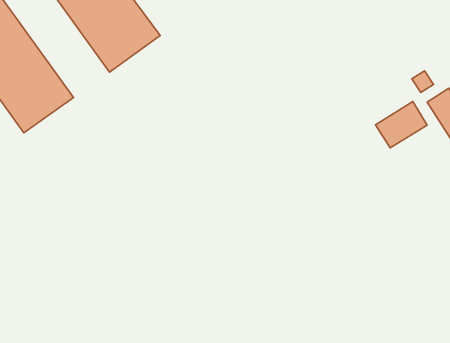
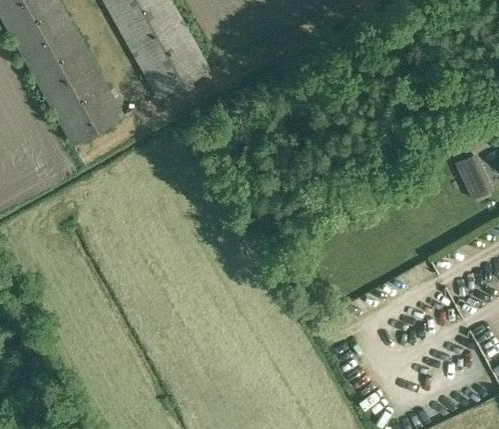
building: [375,101,427,148] -> none

